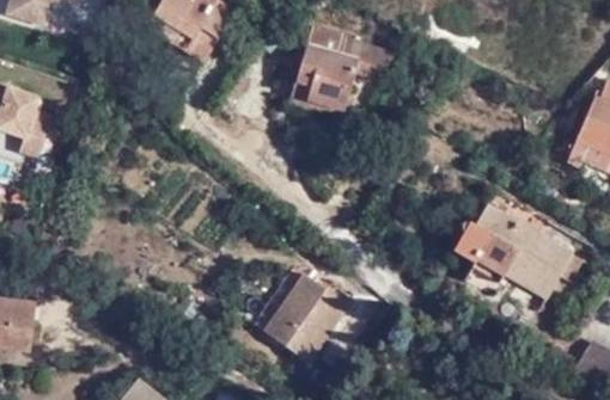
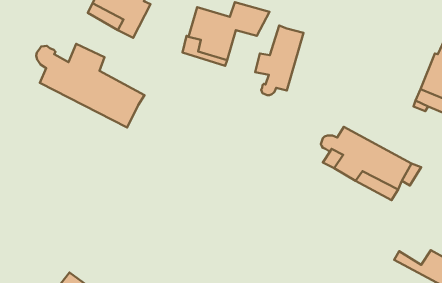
building: none -> [255,26,303,95]
building: none -> [36,44,144,127]
building: [264,276,347,364] -> none

